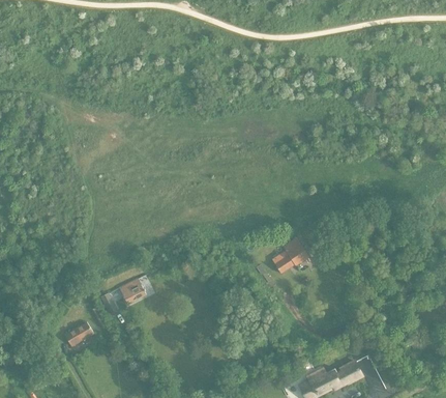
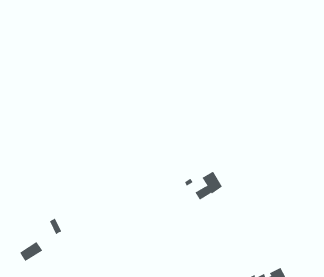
building: [119,279,146,305] -> none

